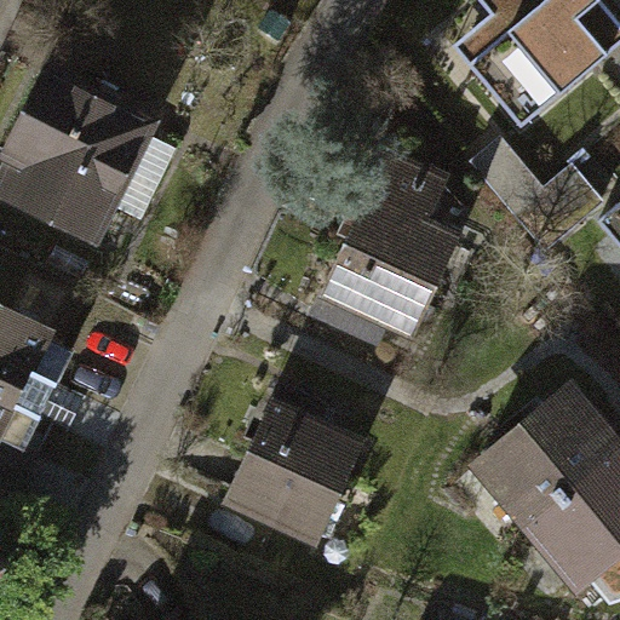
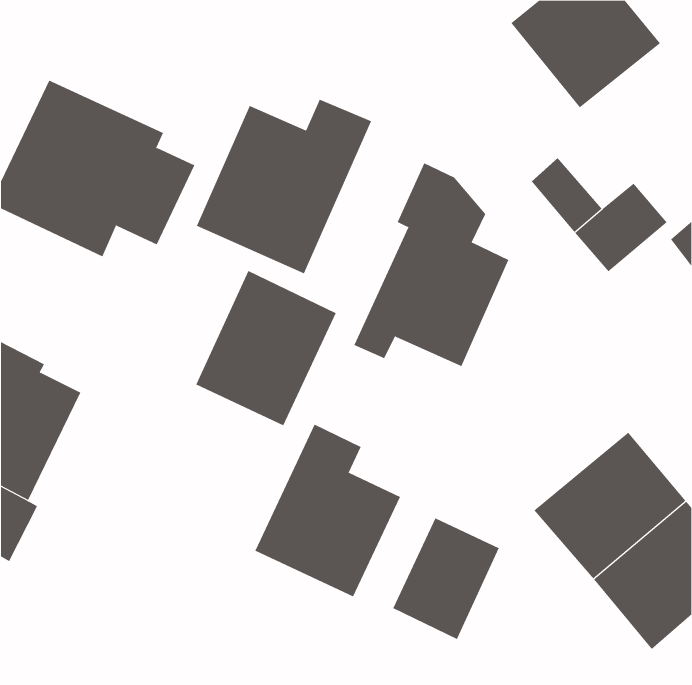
building: none -> [196,99,372,274]
building: none -> [196,270,337,426]
building: none -> [392,517,499,640]

